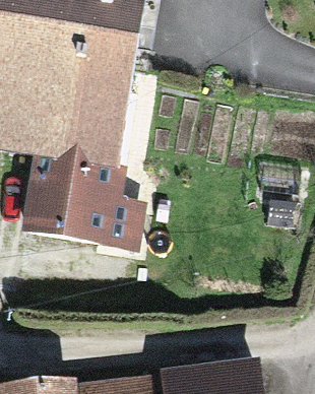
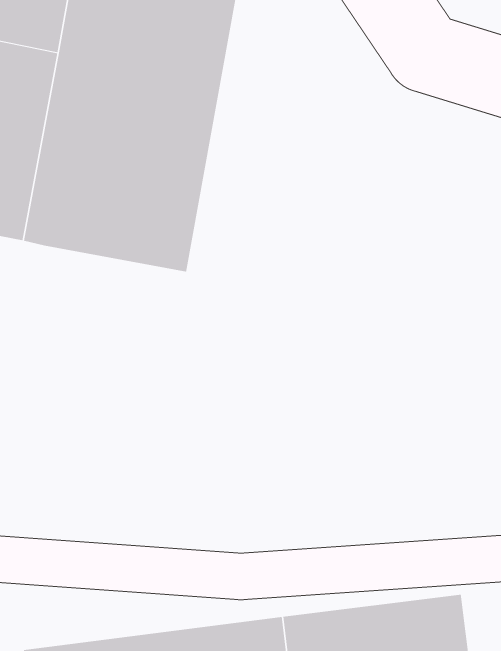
building: [14,155,144,252] -> none

